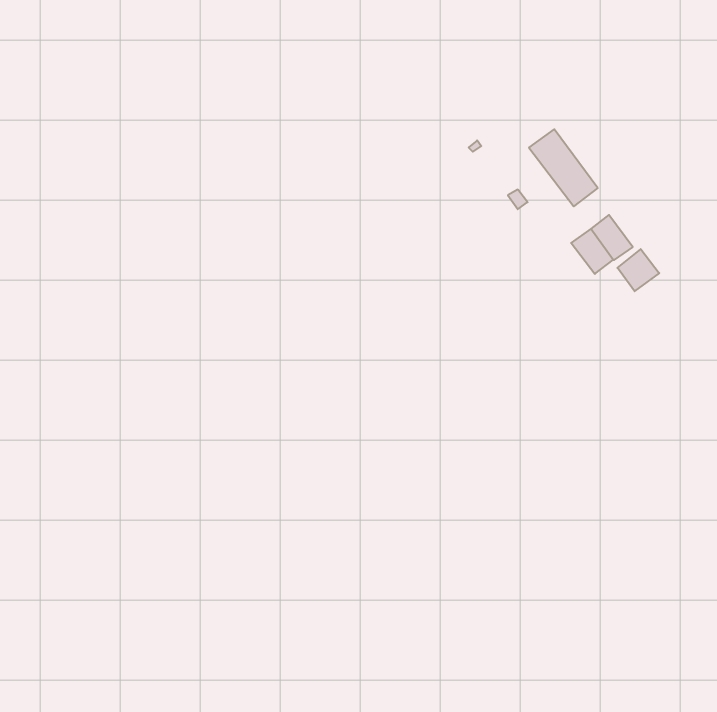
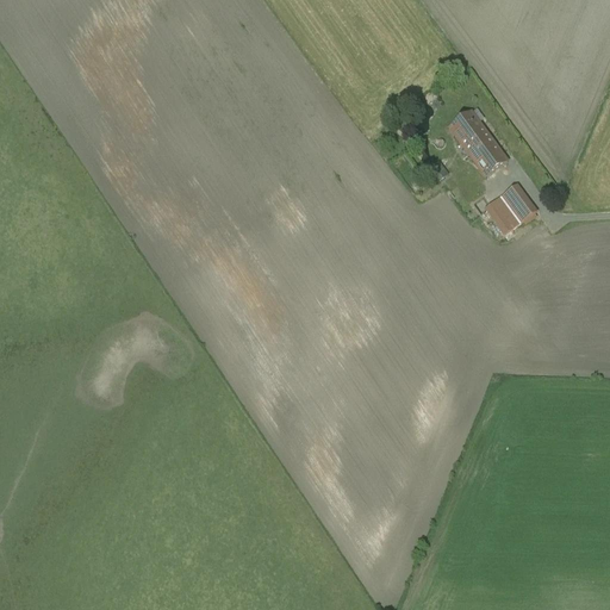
building: [617,249,659,291] -> none

